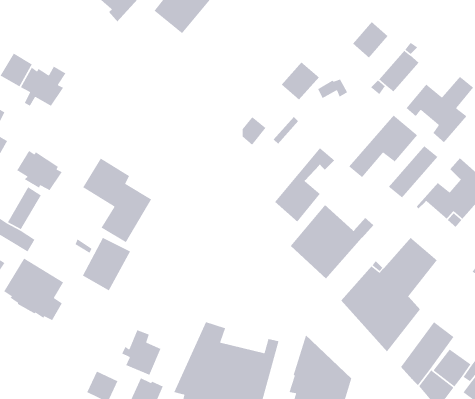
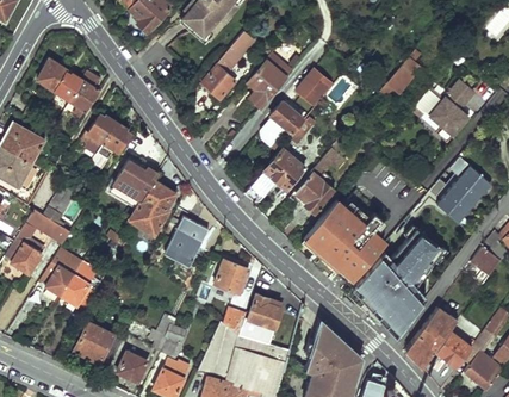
building: [352,21,388,58] -> none
building: none -> [199,39,248,100]
building: none -> [246,51,294,108]
building: none -> [268,98,305,135]
building: [348,114,418,178] -> [243,144,308,203]
building: [388,145,439,199] -> [337,230,384,279]
building: [16,150,63,191] -> [87,114,130,153]
building: [82,237,131,291] -> [163,216,209,266]
building: none -> [212,259,248,292]
building: none -> [248,293,280,327]
building: none -> [75,321,113,362]

